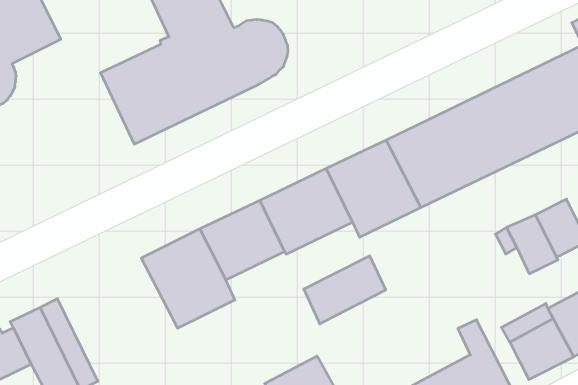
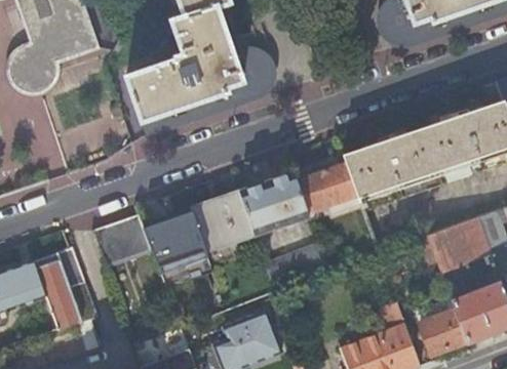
building: none -> [94,214,151,263]

